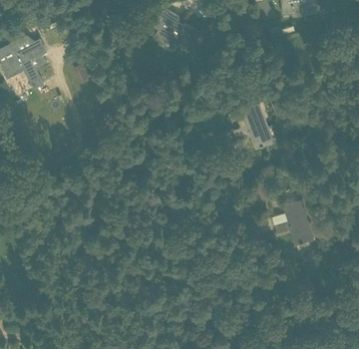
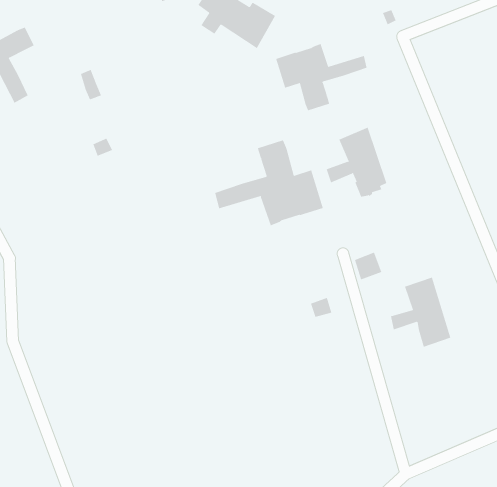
building: none -> [275,43,367,111]
building: none -> [214,140,324,226]

